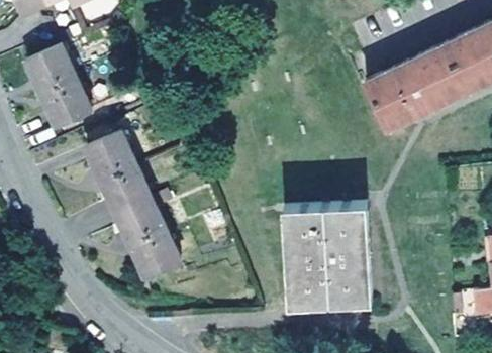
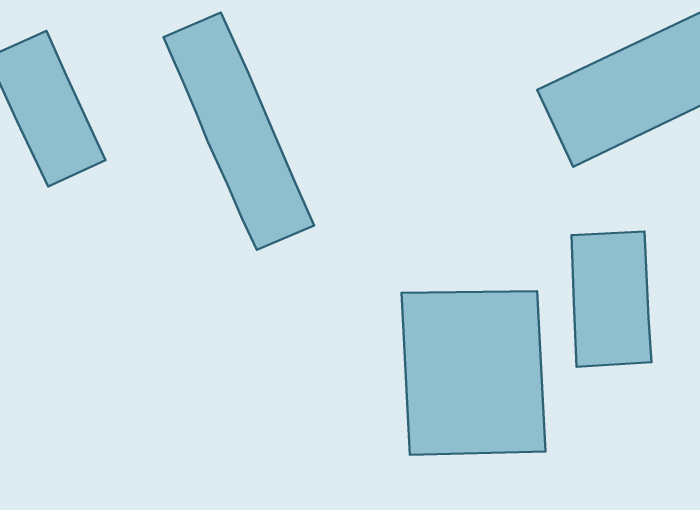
building: [87,133,180,279] -> [164,13,314,250]
building: none -> [572,232,651,367]

